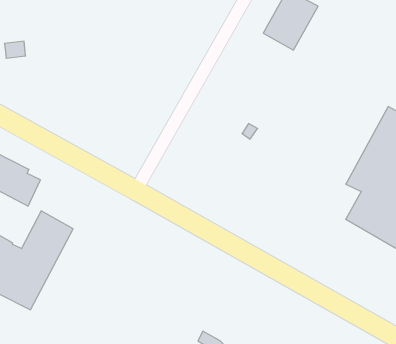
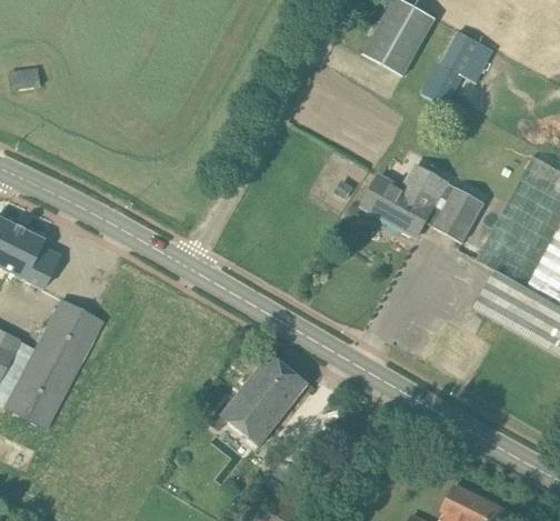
building: none -> [421,31,496,107]
building: none -> [362,163,486,242]
building: none -> [223,353,309,444]

